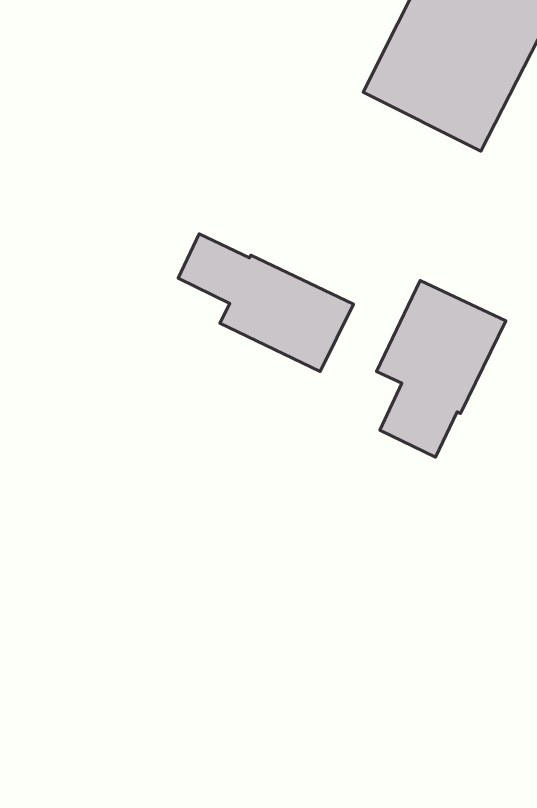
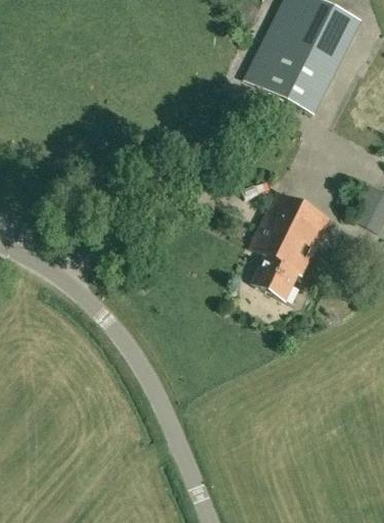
building: [178,234,354,372] -> none

